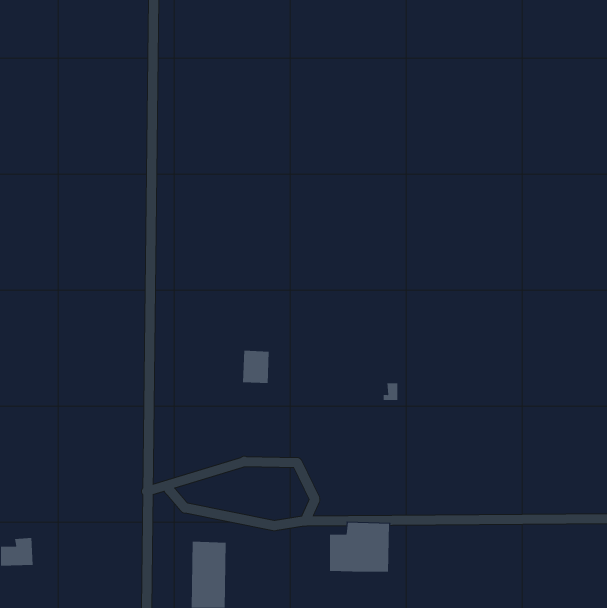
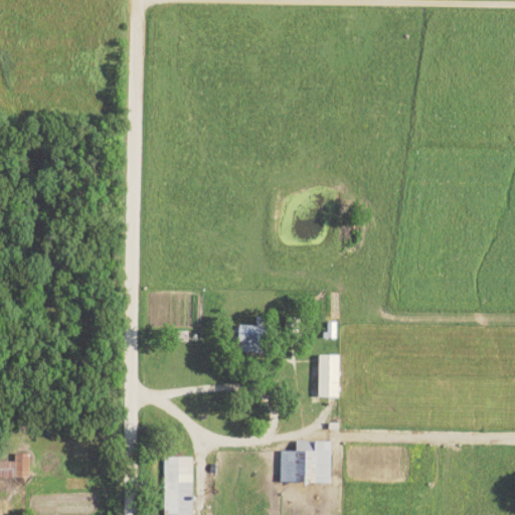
building: [242,350,270,384] -> [234,325,258,353]
building: none -> [317,355,339,397]

